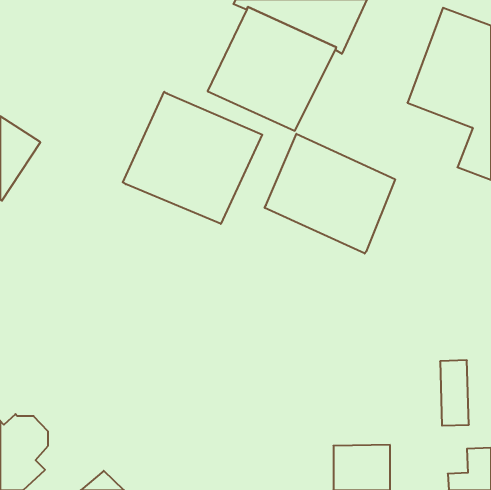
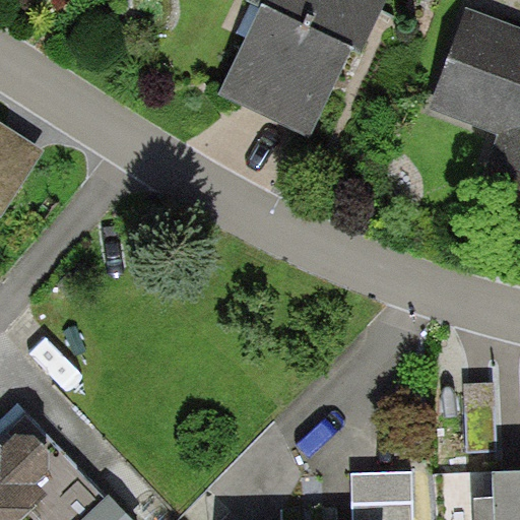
building: [123,92,262,224] -> none
building: [265,134,395,254] -> none

